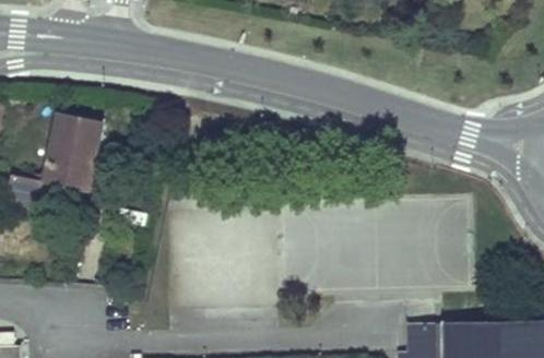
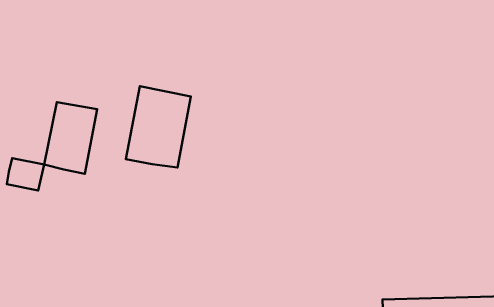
building: none -> [126,86,191,168]

